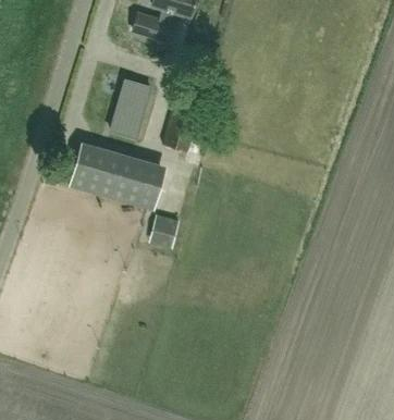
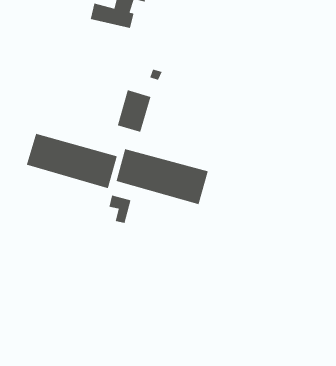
building: [110,78,150,135] -> none
building: none -> [116,148,209,205]

